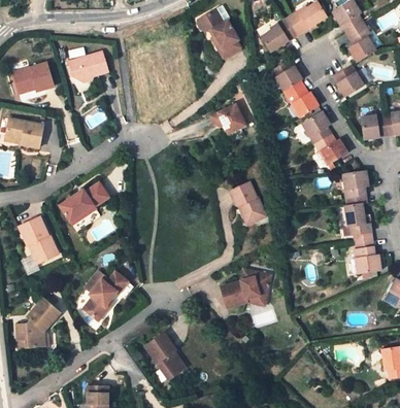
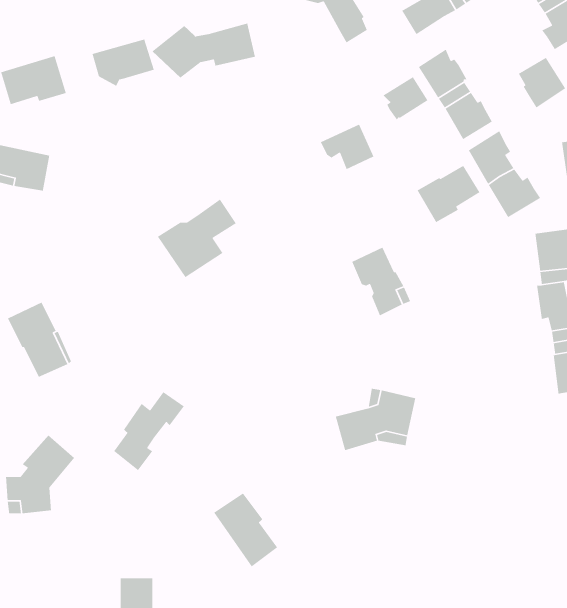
building: none -> [151,22,256,79]
building: none -> [383,76,428,121]
building: none -> [416,165,481,223]
building: [59,181,108,231] -> [157,198,237,278]

